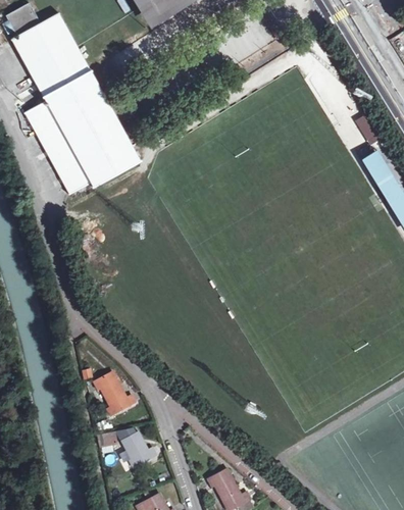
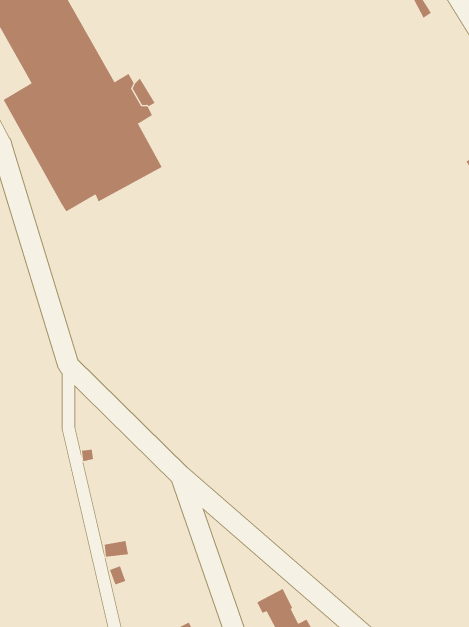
building: [94,370,136,412] -> none
building: [121,431,156,466] -> none

